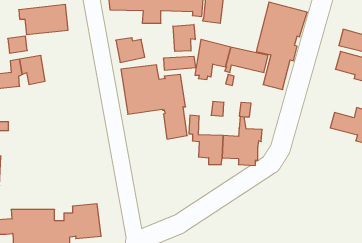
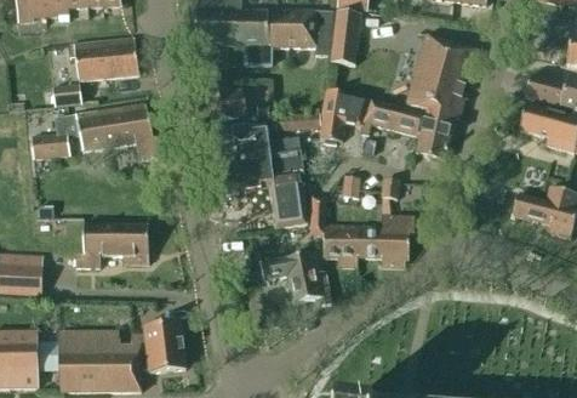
building: [173,24,195,51] -> none
building: none -> [99,103,160,155]
building: none -> [75,222,148,267]
building: none -> [259,251,331,306]

